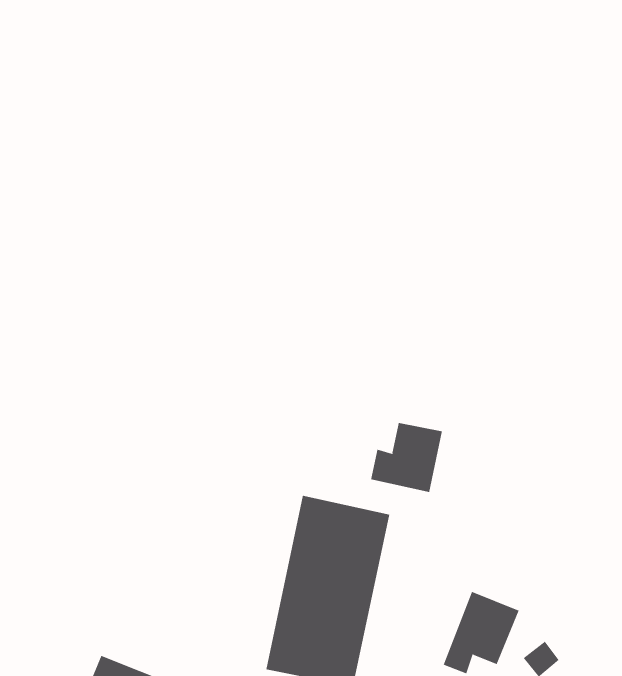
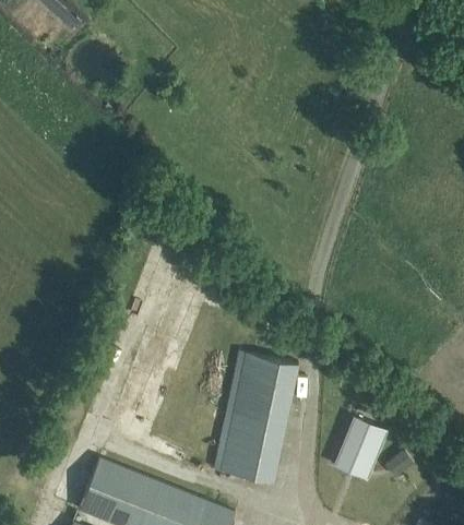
building: [371,422,442,493] -> none

